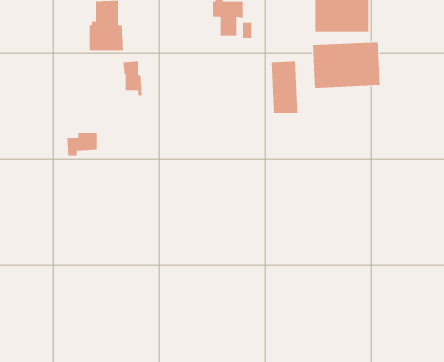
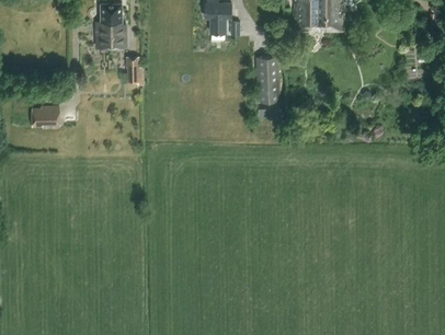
building: [312,41,380,89] -> none
building: [66,132,98,156] -> [32,106,59,127]

